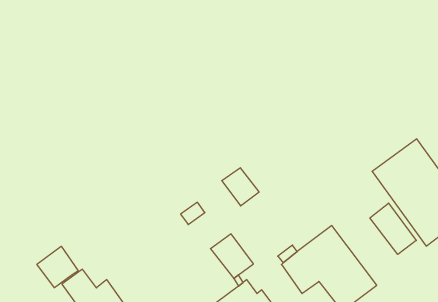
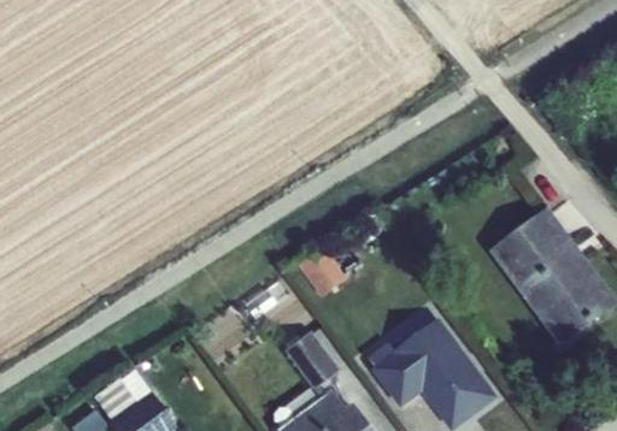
building: [370,203,416,254] -> none
building: [37,246,78,288] -> none

